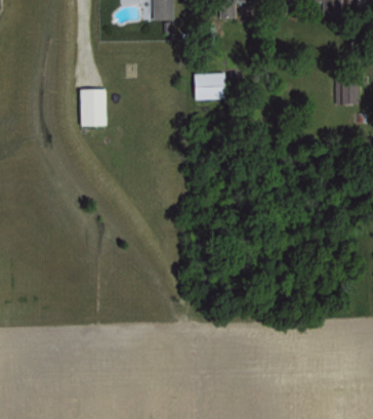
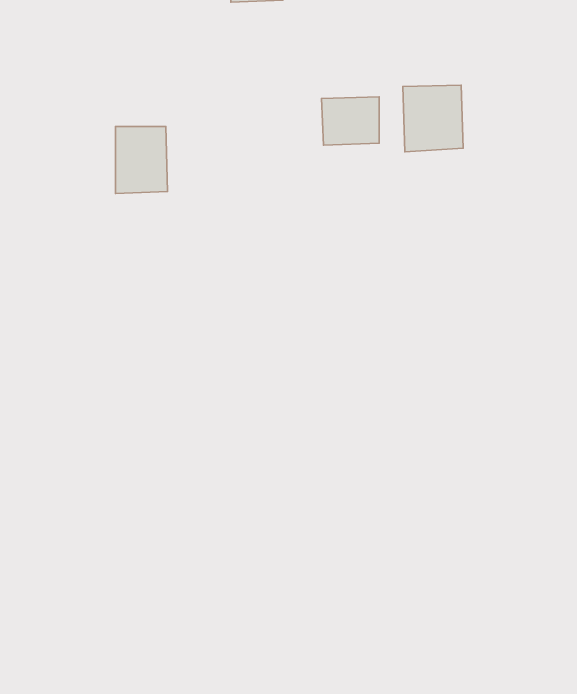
building: none -> [403,85,463,152]

